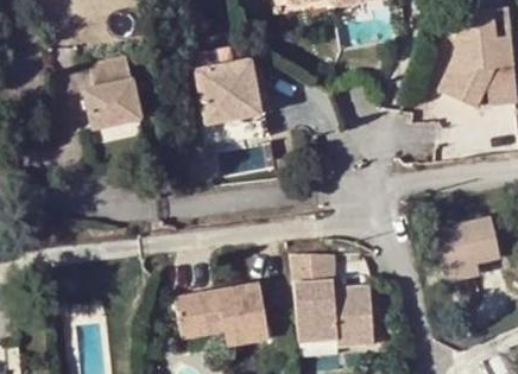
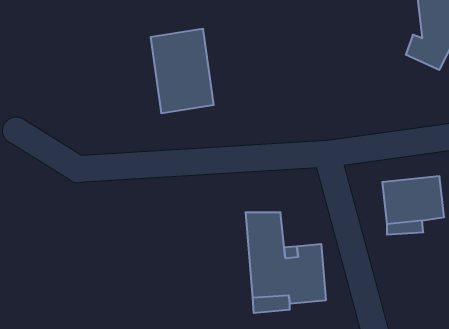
building: [80,59,135,132] -> none
building: [173,280,265,341] -> none

